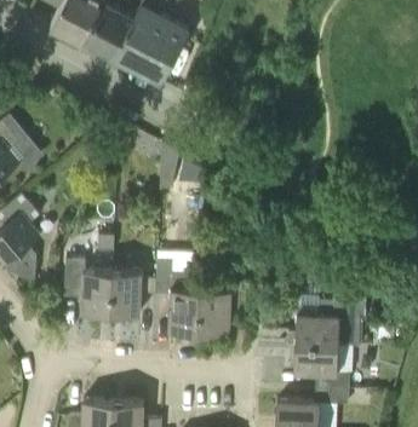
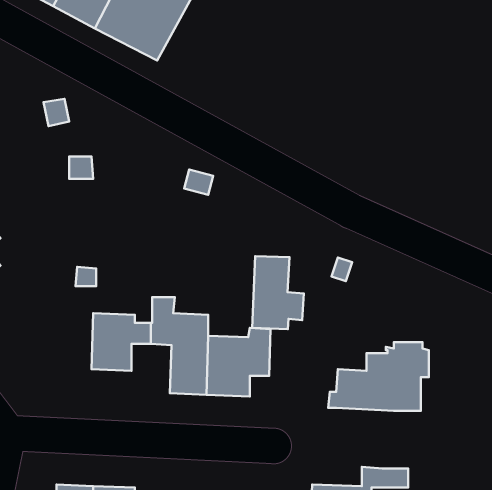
building: none -> [252,256,304,329]
building: [64,259,110,315] -> none
building: [293,344,350,390] -> none

